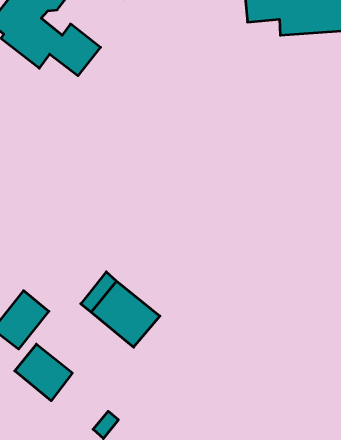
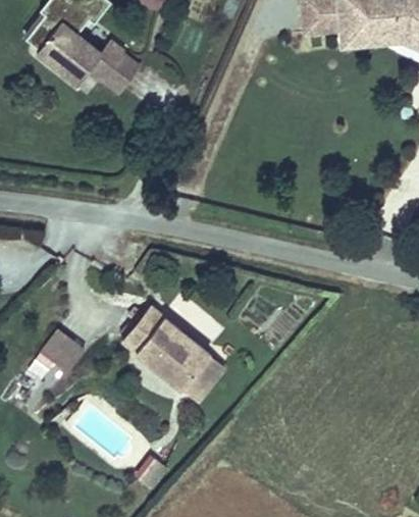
building: none -> [179,353,223,400]
building: [15,344,72,401] -> none

